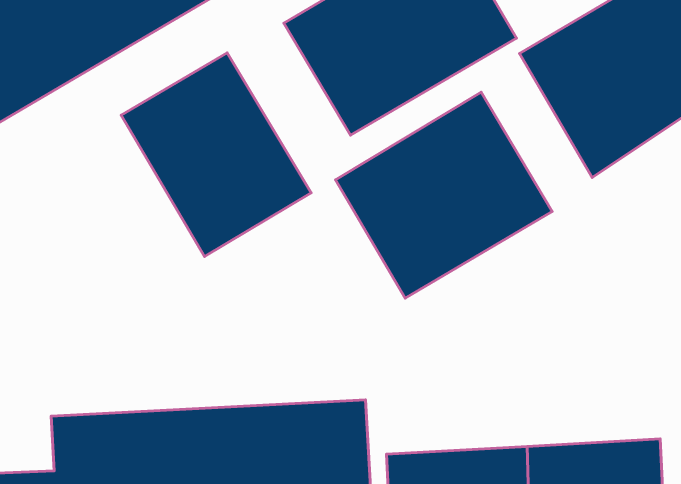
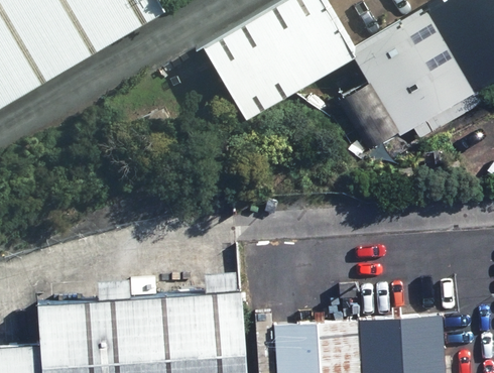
building: [121,53,311,256] -> none
building: [336,92,552,298] -> none

